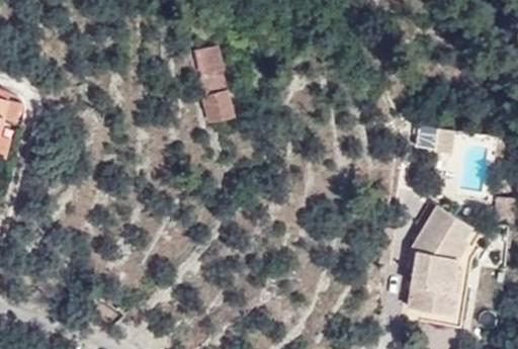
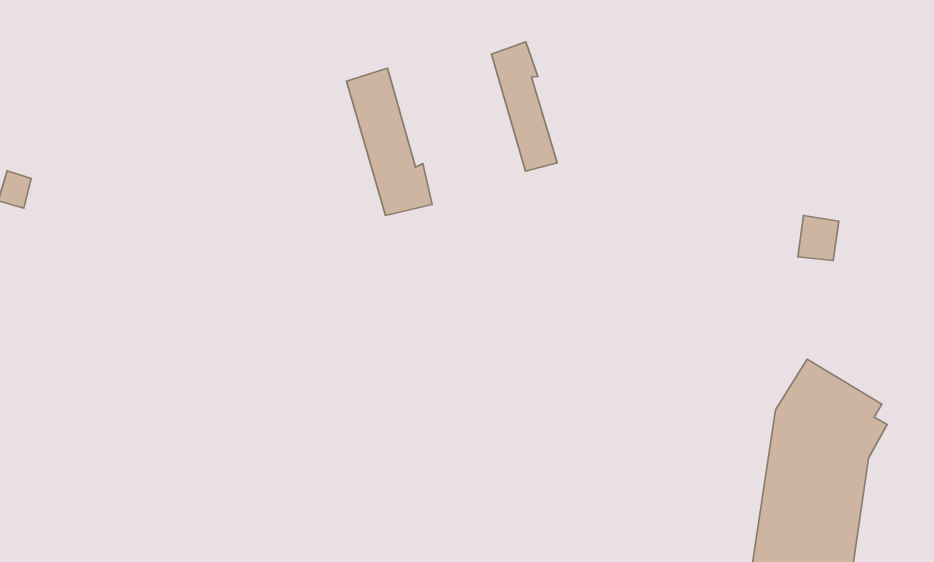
building: none -> [491,42,557,171]

